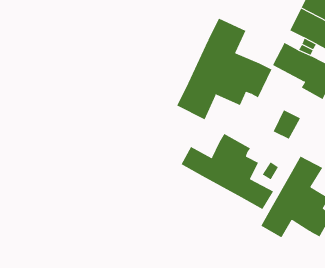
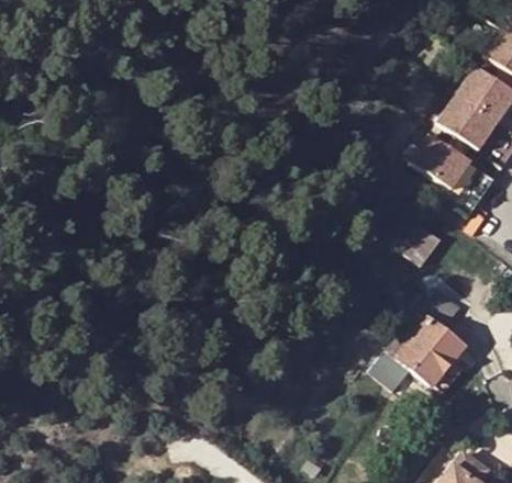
building: [177,18,272,120] -> none
building: [181,133,274,210] -> none

